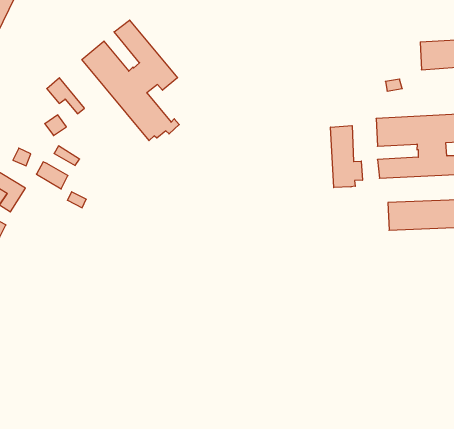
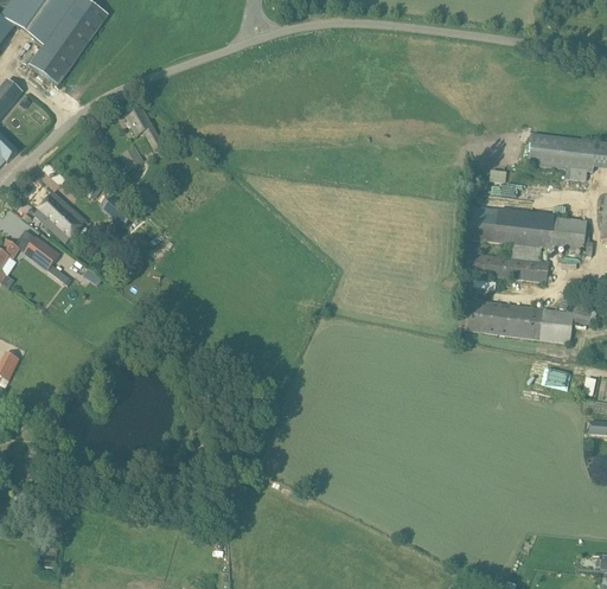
building: [82,20,179,141] -> none
building: [331,126,362,188] -> none

